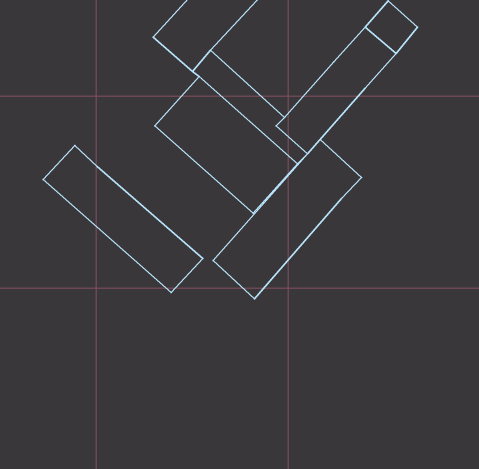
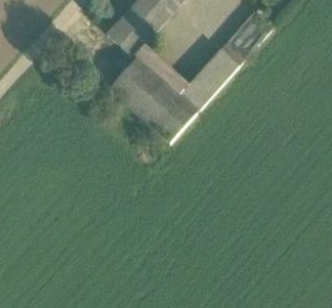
building: [213,139,362,299] -> none
building: [43,146,203,293] -> none

